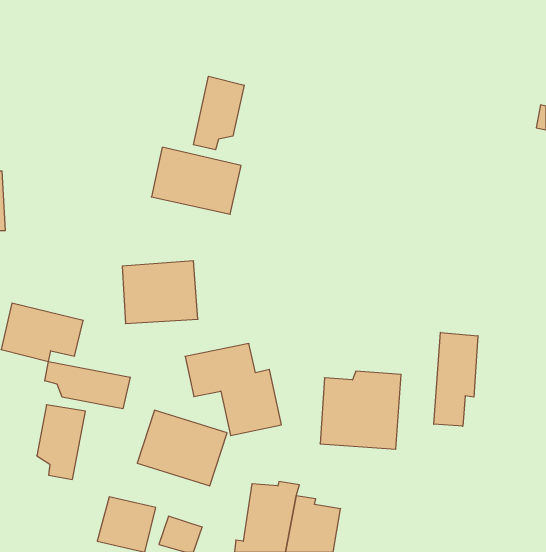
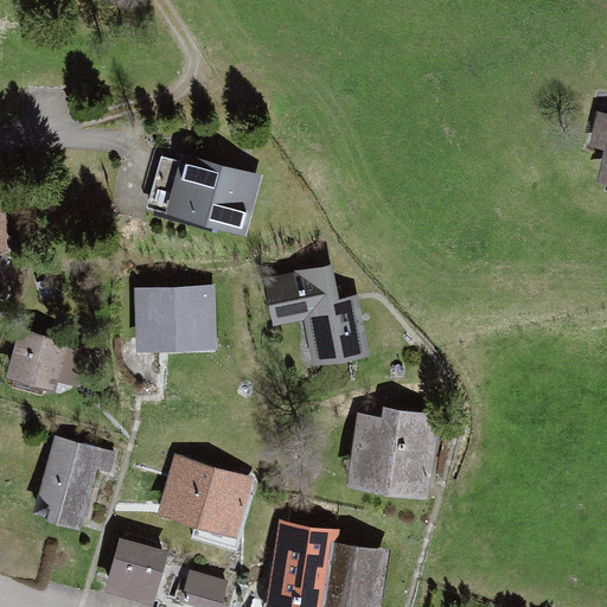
building: [193,76,244,150] -> none
building: [434,332,478,426] -> none
building: [185,344,281,436] -> [267,268,372,369]
building: [45,362,130,409] -> none

